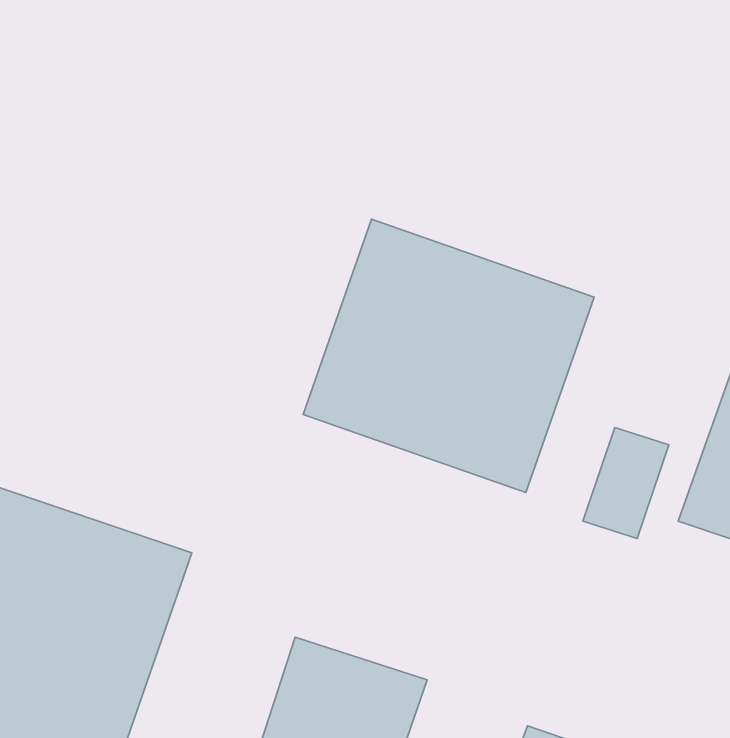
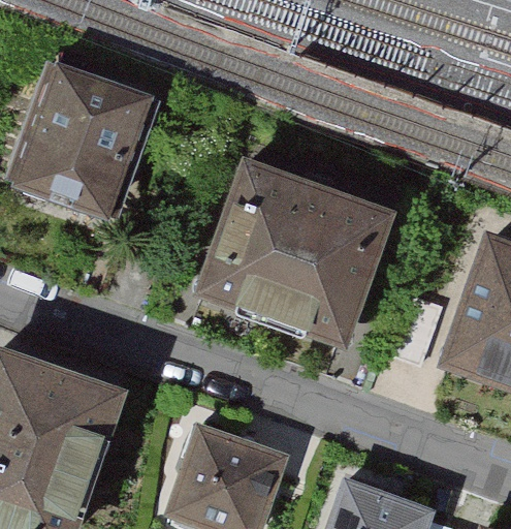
building: none -> [20,57,158,208]

